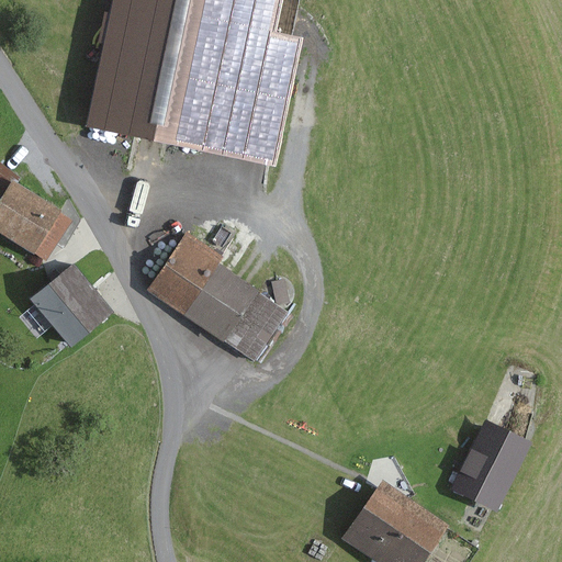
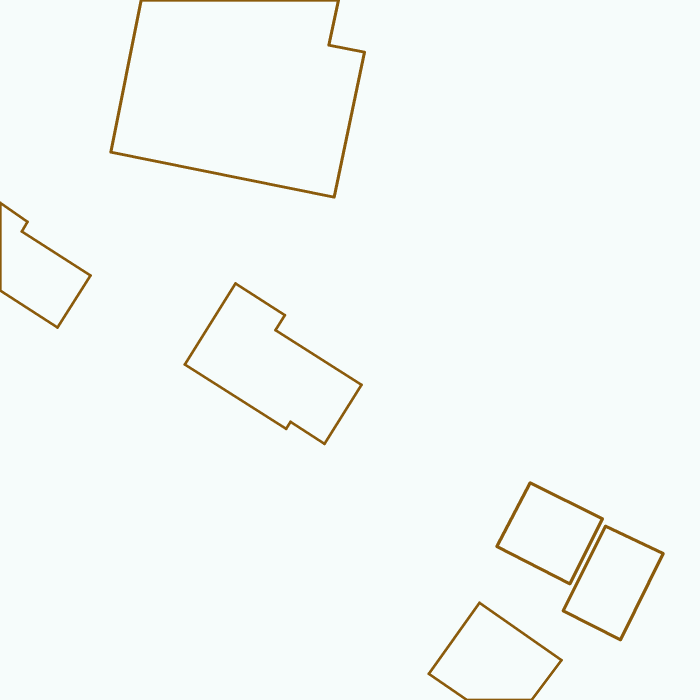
building: [27,268,111,351] -> none
building: none -> [497,483,602,584]

